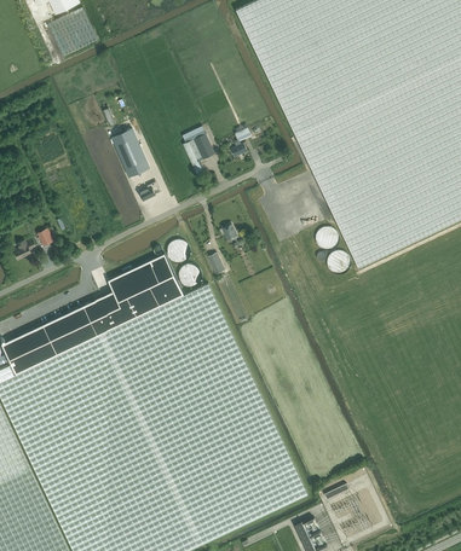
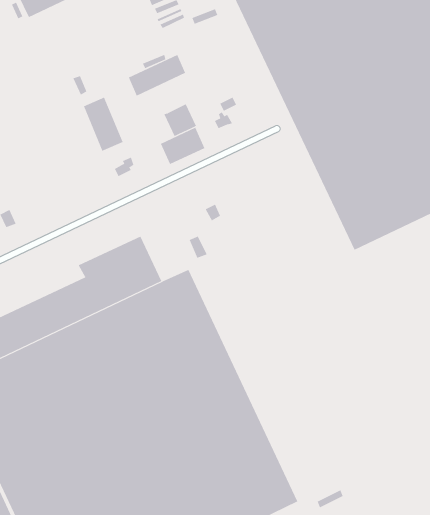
building: none -> [128,54,186,97]
building: none -> [160,127,205,165]

